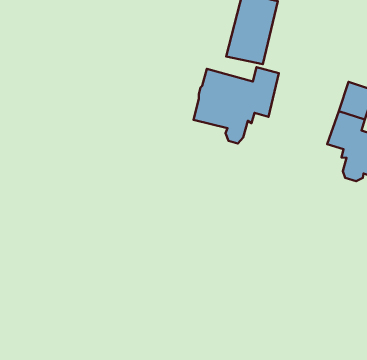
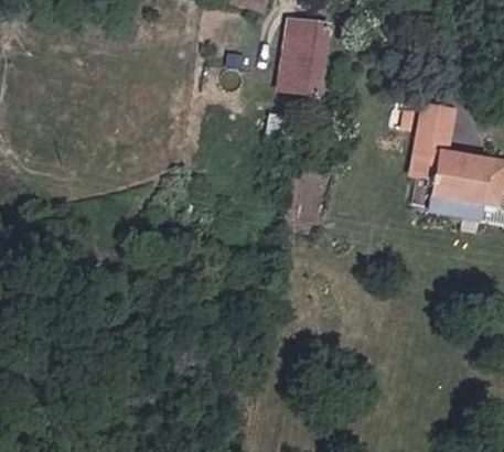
building: [194,67,279,144] -> none

